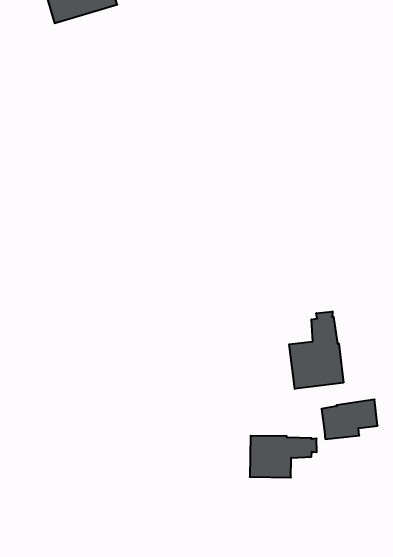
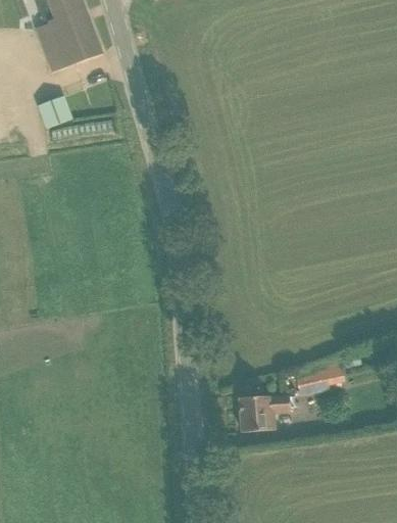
building: none -> [38,95,72,128]
building: [289,311,343,389] -> none

